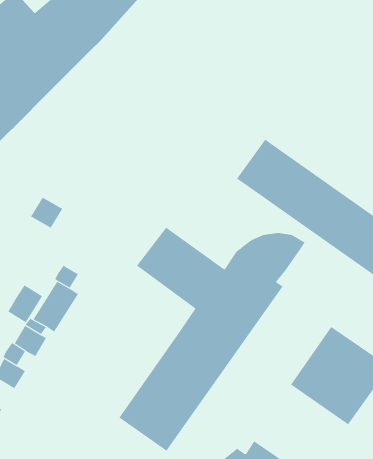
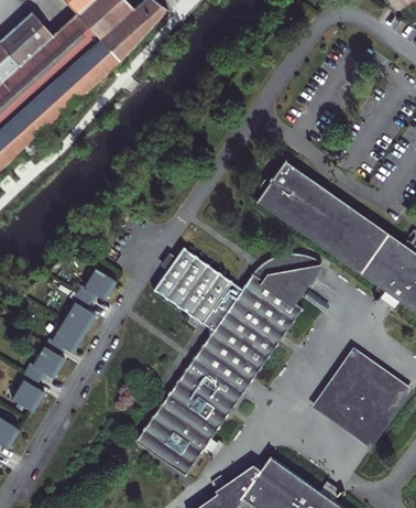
building: [30,197,63,229] -> [84,268,117,300]
building: [8,284,43,323] -> none

